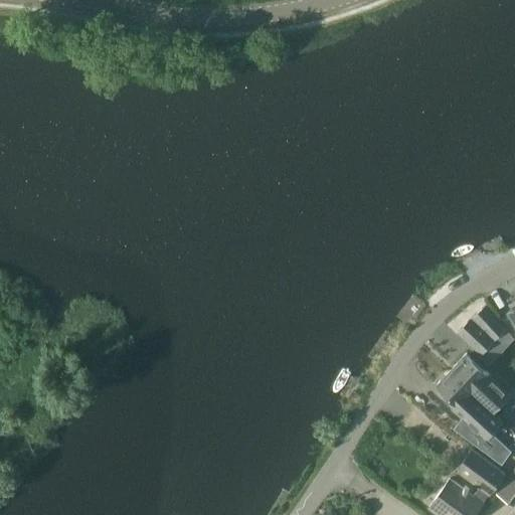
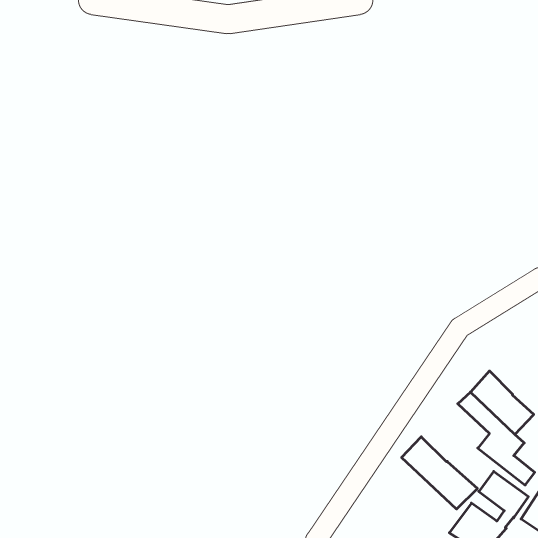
building: [460,307,507,354] -> none
building: none -> [402,437,477,509]

